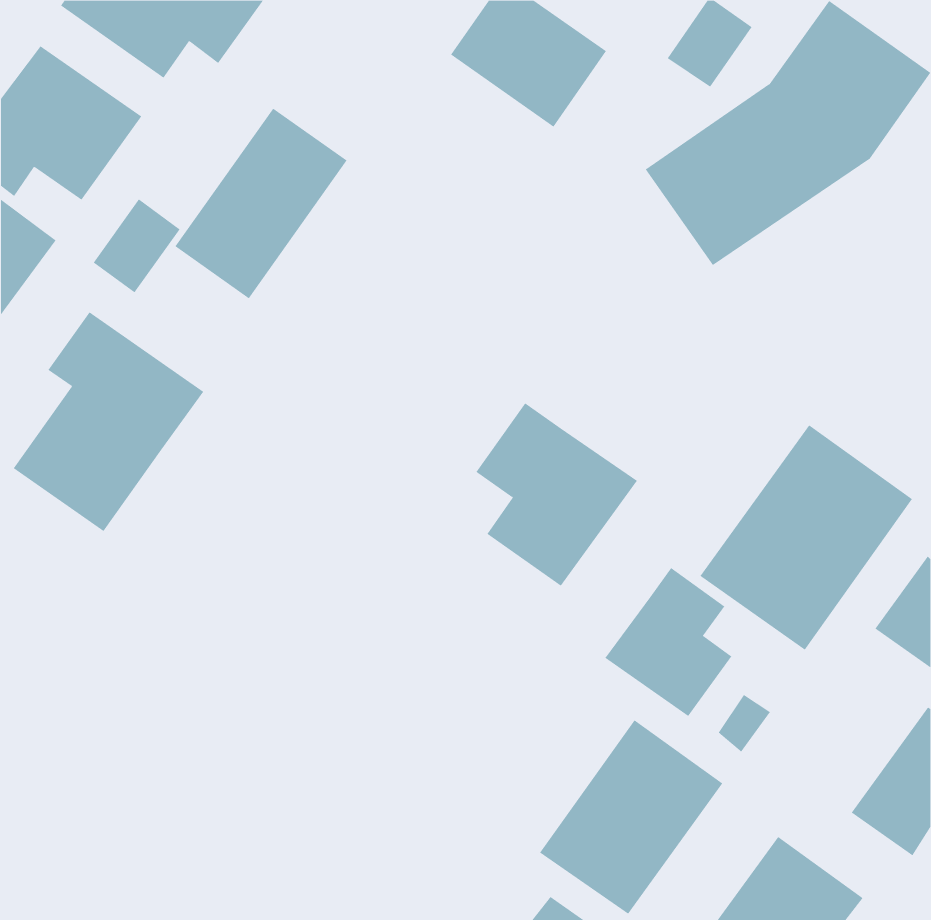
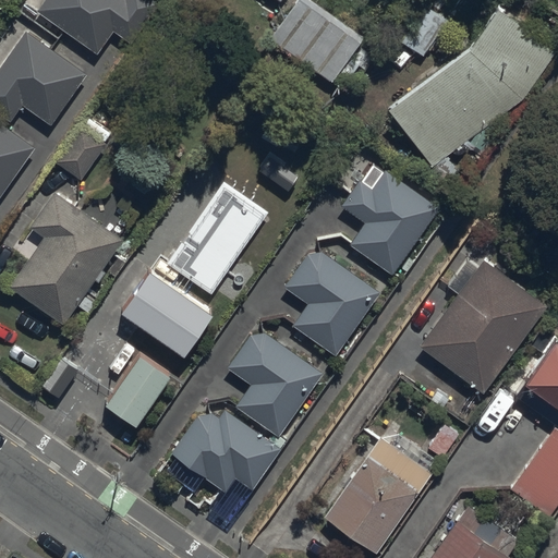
building: [174,108,348,299] -> [167,182,270,296]
building: none -> [338,171,439,277]
building: none -> [119,269,213,355]
building: none -> [227,328,323,437]
building: [605,567,732,717] -> none
building: none -> [101,352,169,425]
building: none -> [169,410,281,495]

